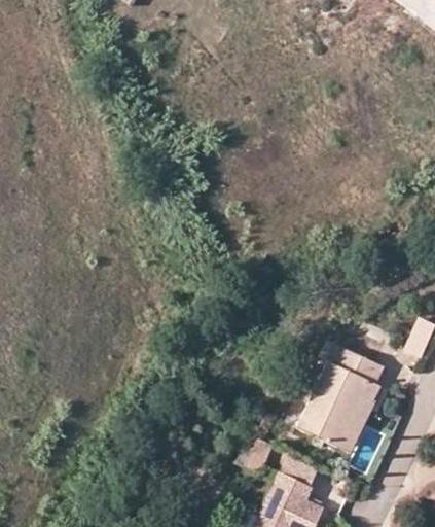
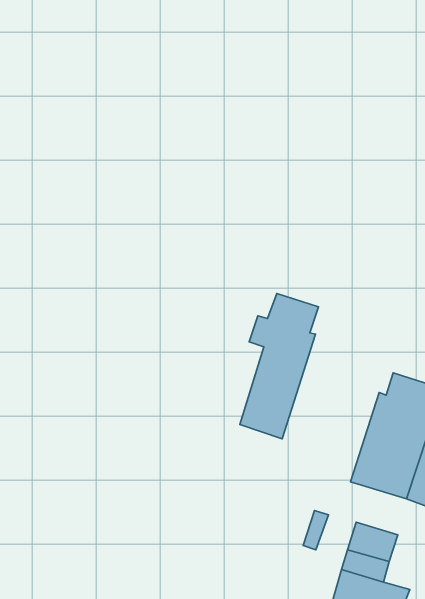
building: none -> [240,293,318,439]

